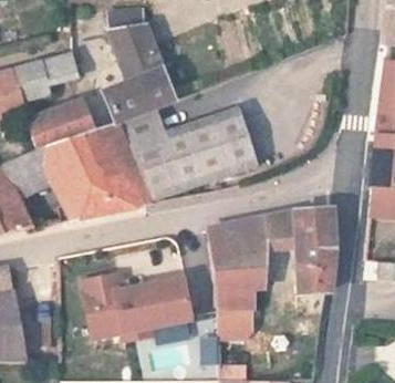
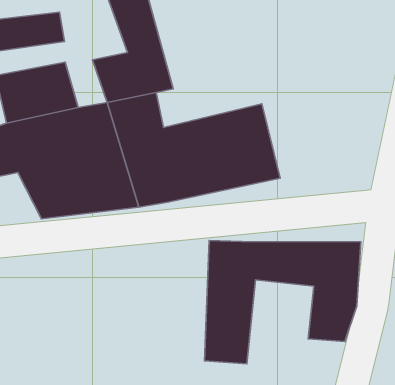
building: [81,270,190,337] -> none

